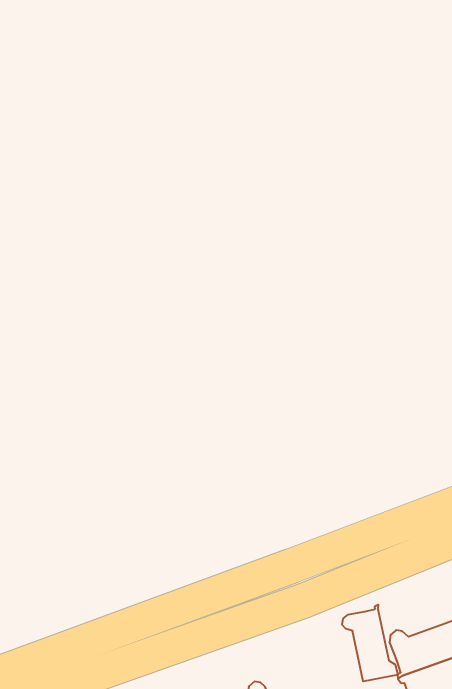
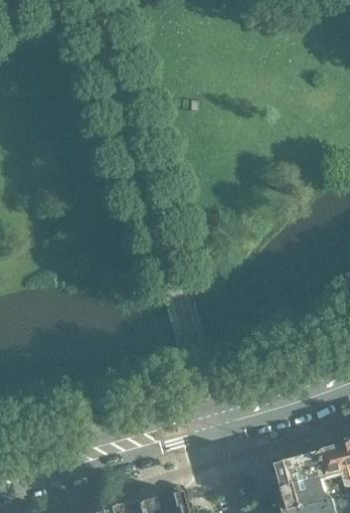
building: [342,605,398,681] -> none

